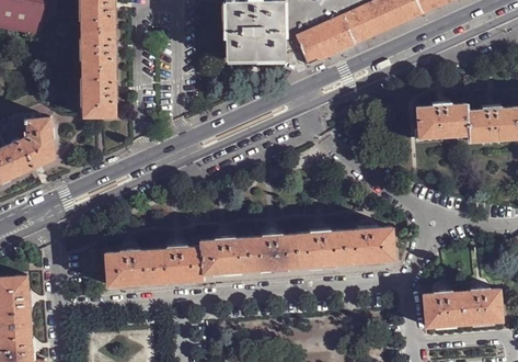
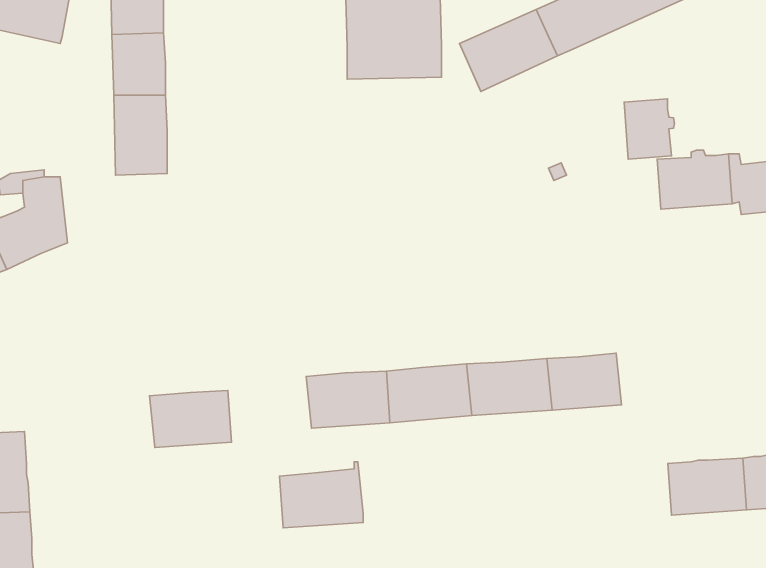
building: none -> [624,99,674,159]
building: [152,241,204,282] -> [279,462,363,528]

